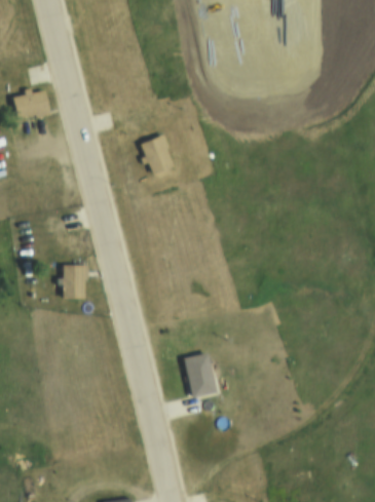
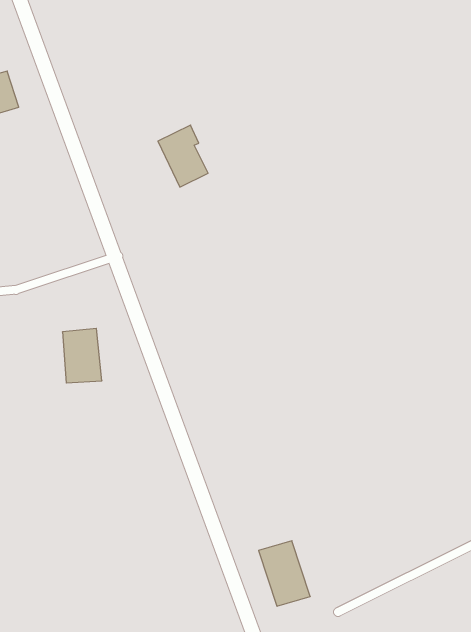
building: [184,354,215,396] -> [259,541,310,606]

